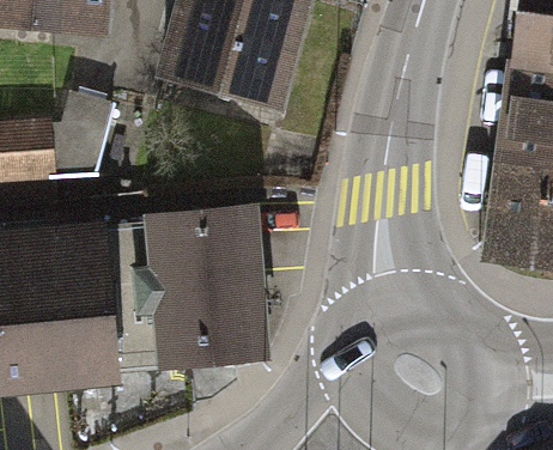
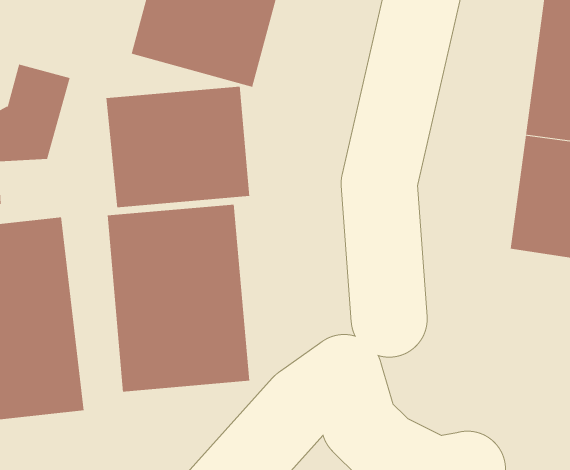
building: none -> [106,86,250,208]

